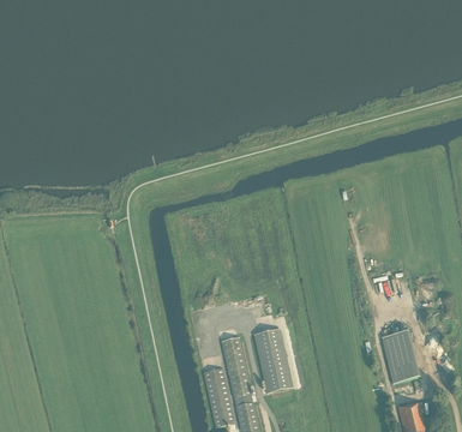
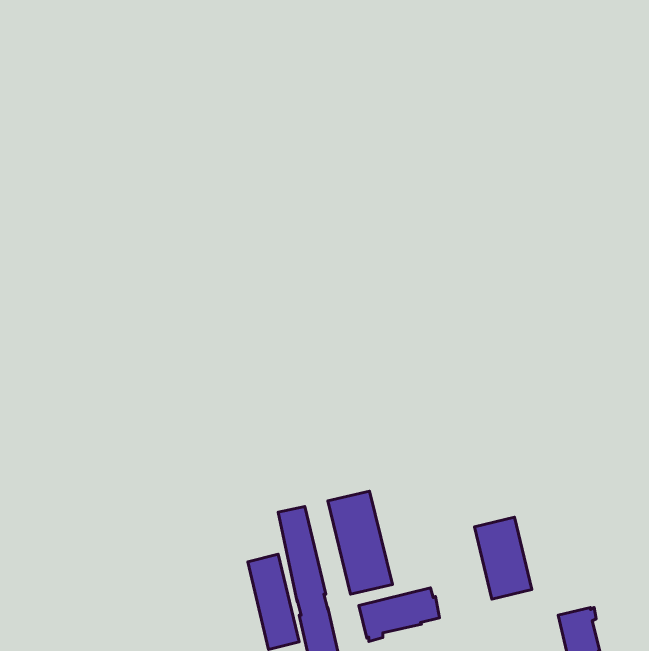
building: [382,331,418,383] -> [475,517,532,599]
building: none -> [359,588,440,642]

